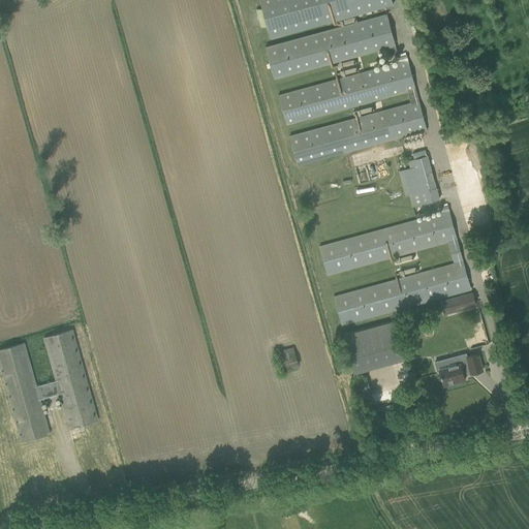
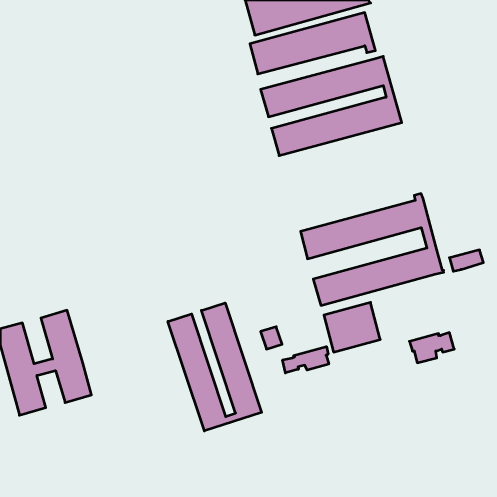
building: [403,155,439,206] -> none
building: [440,292,476,315] -> [449,250,483,271]
building: none -> [168,303,262,431]
building: none -> [283,347,329,373]

